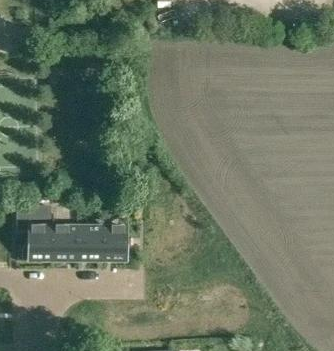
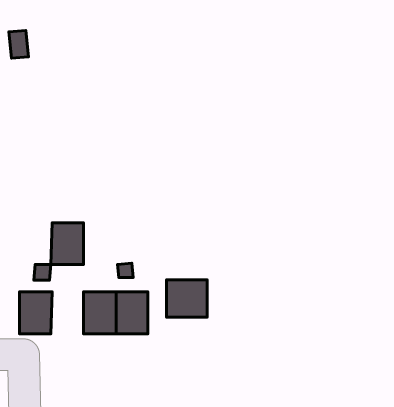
building: none -> [167,280,207,317]
building: [49,226,74,258] -> [51,223,84,265]

